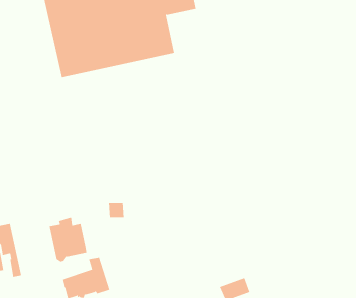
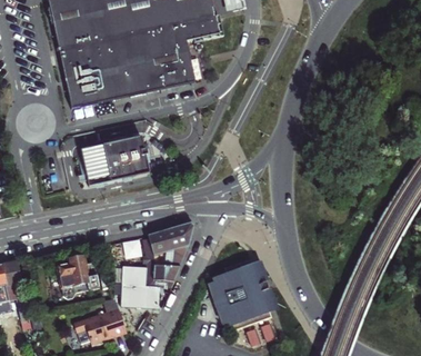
building: none -> [81,132,149,181]
building: none -> [121,222,194,308]
building: none -> [211,258,272,329]

